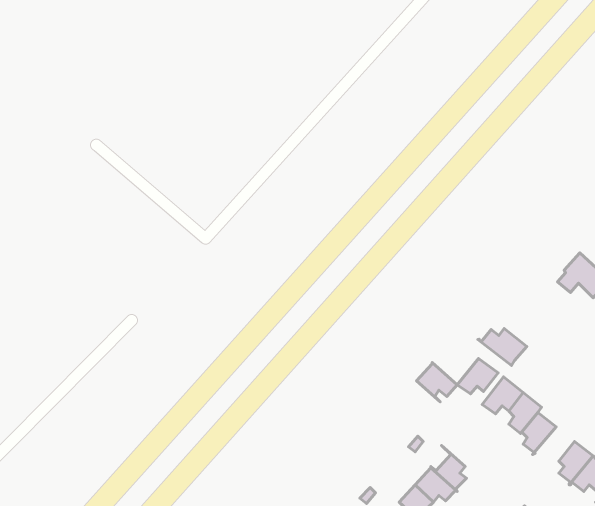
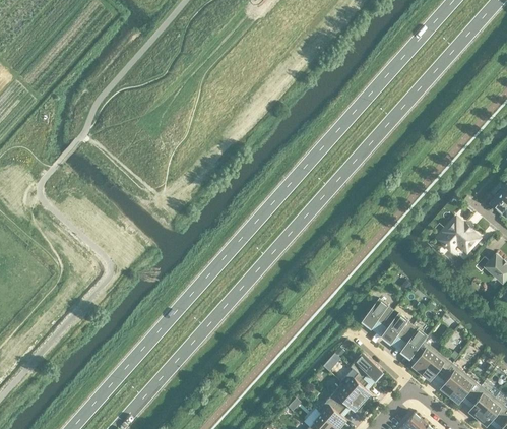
building: [478,329,527,365] -> none
building: [416,362,457,402] -> [350,354,381,384]
building: none -> [420,354,452,381]

